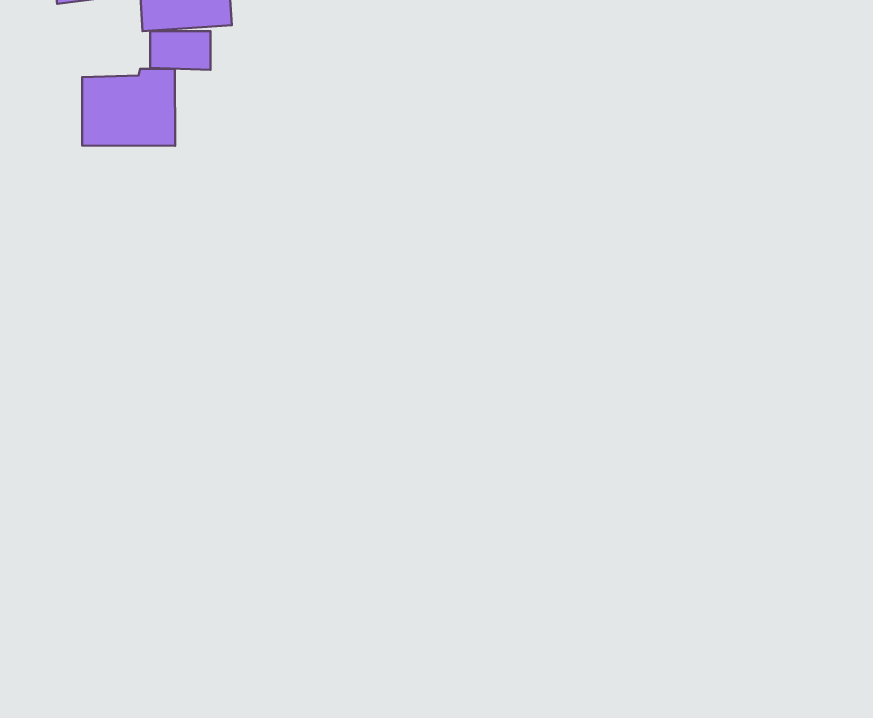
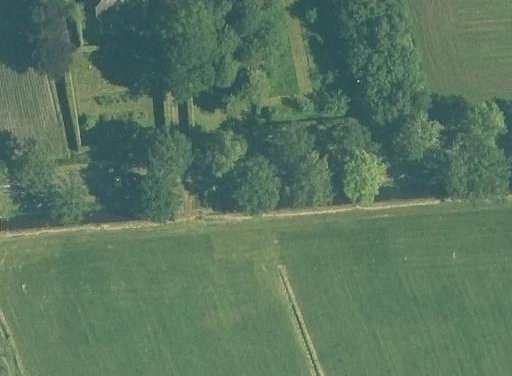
building: [82,69,175,146] -> none

